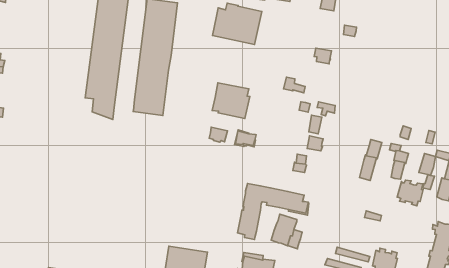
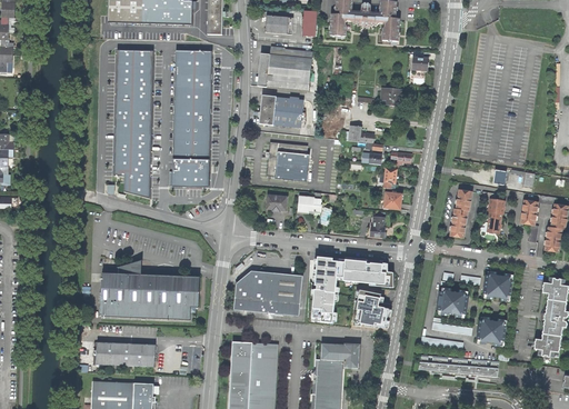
building: none -> [259,94,305,127]
building: none -> [100,259,199,319]
building: [397,180,423,206] -> [482,272,512,301]
building: none -> [232,271,301,316]
building: none -> [436,288,468,317]
building: none -> [96,341,156,367]

